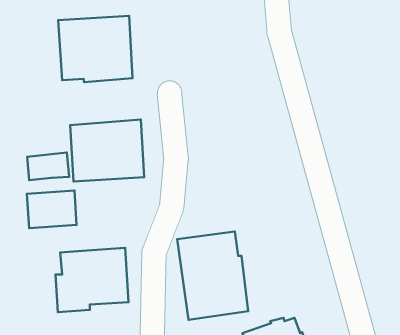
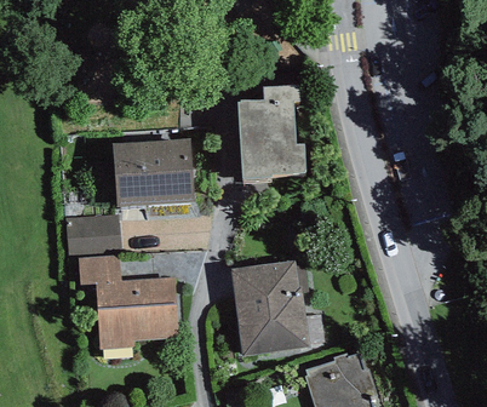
building: [58,16,133,82] -> none
building: none -> [239,84,306,177]
building: [27,152,69,180] -> [76,254,122,285]

